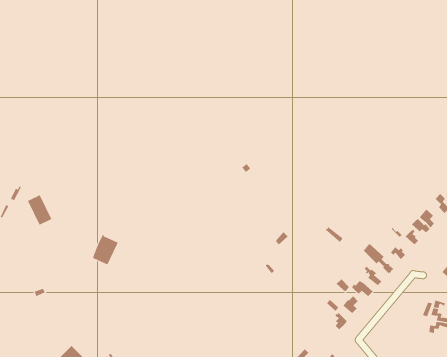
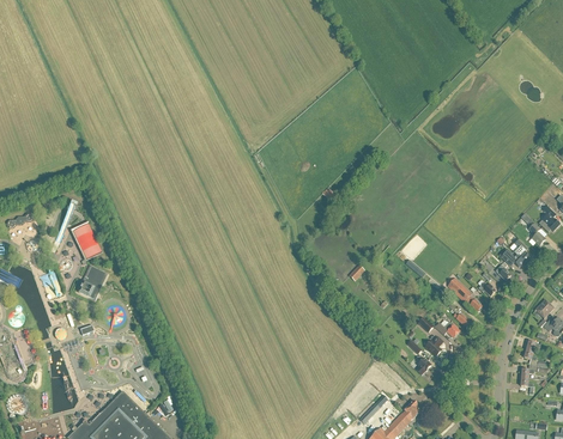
building: [92,234,119,265] -> [78,264,108,299]

